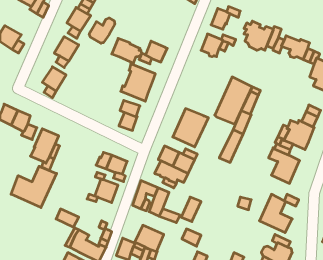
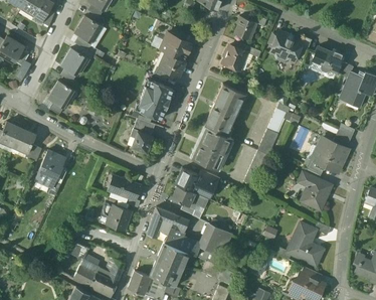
building: [89,18,115,43] -> none
building: [112,38,142,63] -> [159,32,192,59]
building: [215,77,252,124] -> [203,83,244,135]
building: [11,166,57,208] -> none
building: none -> [158,242,187,266]

